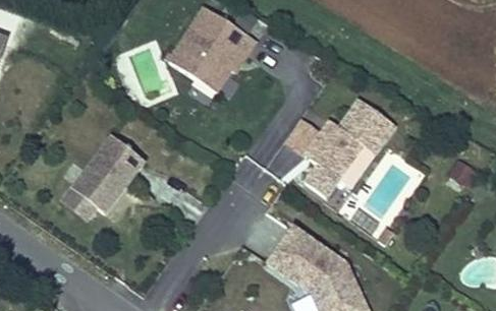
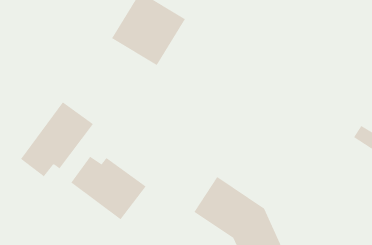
building: [283,99,396,197] -> none
building: none -> [70,156,146,220]

